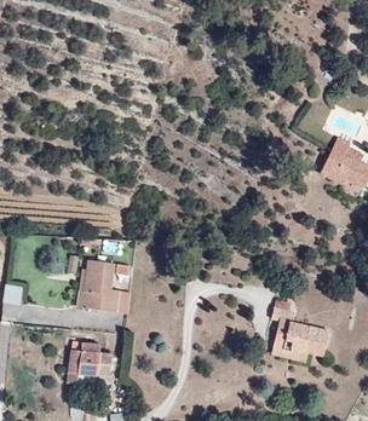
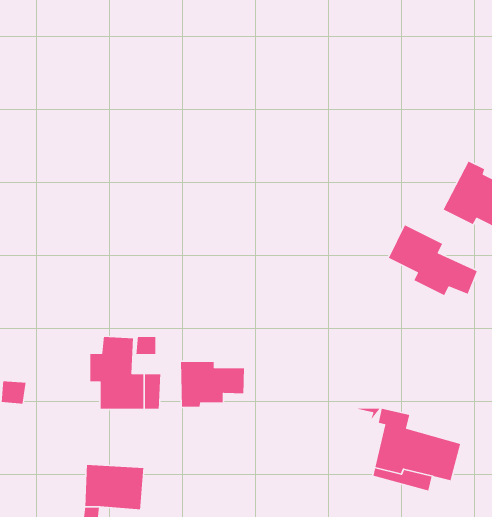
building: none -> [388,224,478,296]
building: none -> [180,361,245,408]

